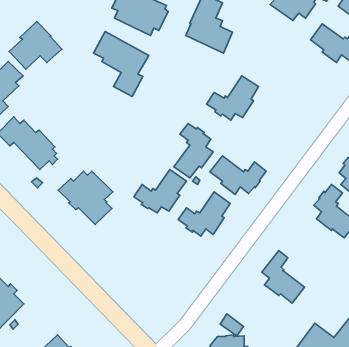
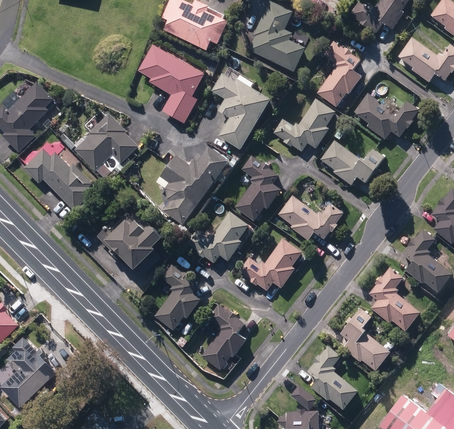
building: [9,21,62,69] -> [75,114,138,171]
building: none -> [316,41,361,107]
building: none -> [211,73,270,158]
building: none -> [354,93,419,140]
building: none -> [320,140,383,185]
building: none -> [160,146,227,234]
building: none -> [154,264,200,330]
building: none -> [368,267,420,332]
building: none -> [201,304,246,370]
building: none -> [306,345,357,416]

